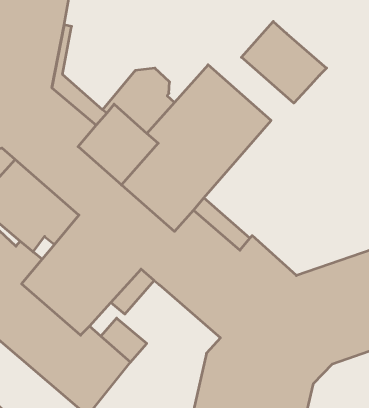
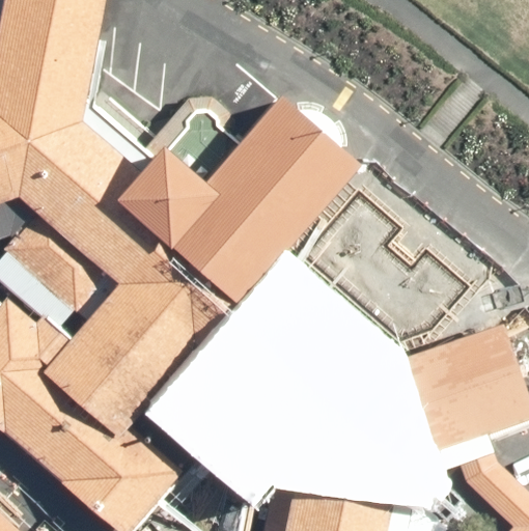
building: [241,21,327,103] -> none
building: none -> [176,373,296,490]

